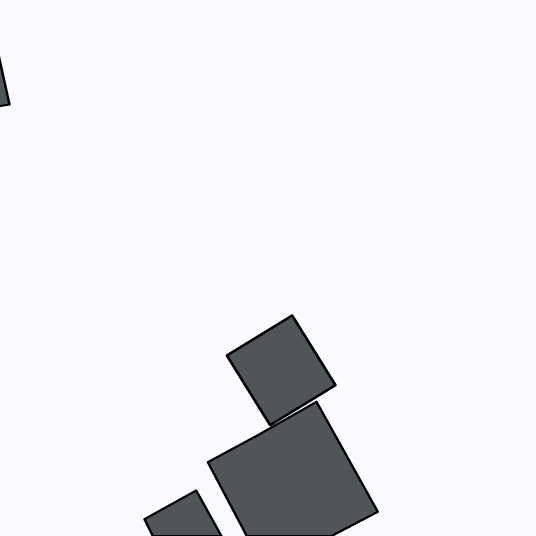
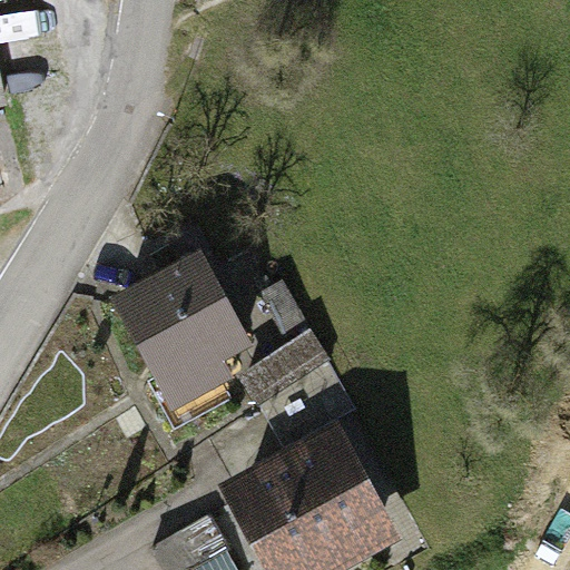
building: none -> [110,252,252,429]

